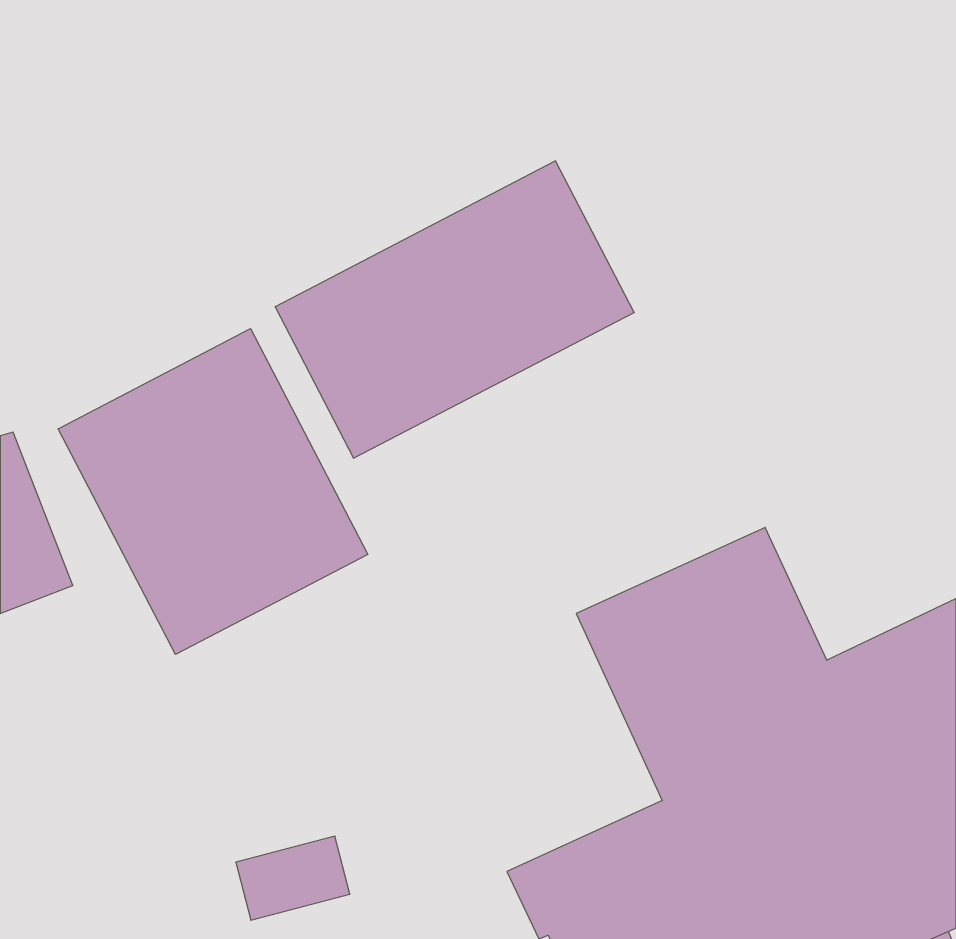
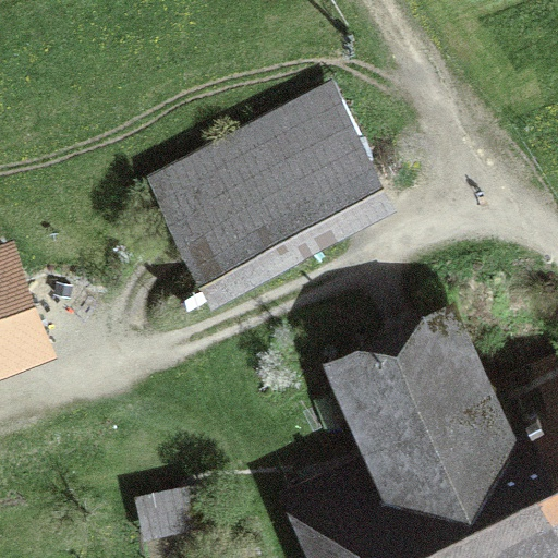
building: [58,329,368,654] -> none

